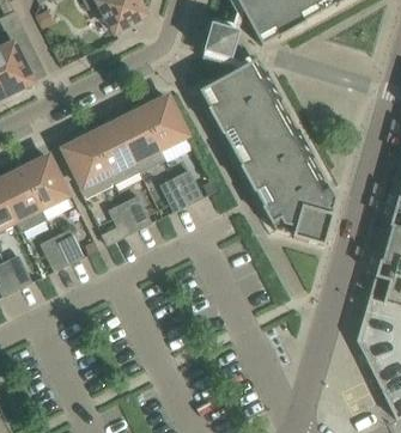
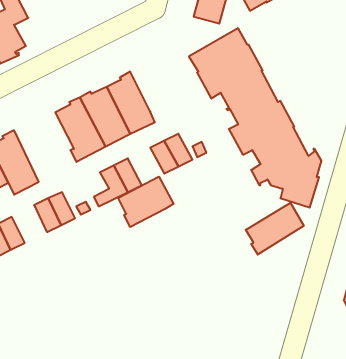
building: [140,94,187,146] -> none
building: [22,154,73,218] -> none
building: none -> [118,177,174,227]
building: none -> [246,203,304,255]

